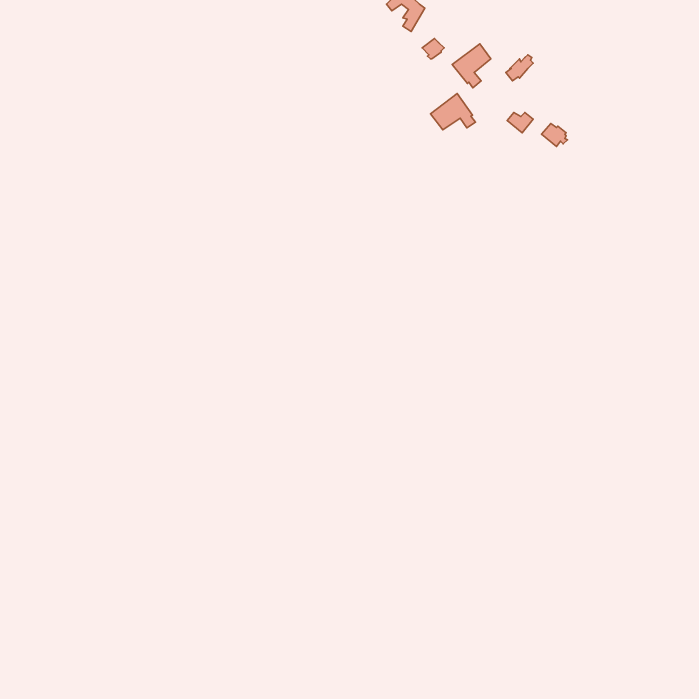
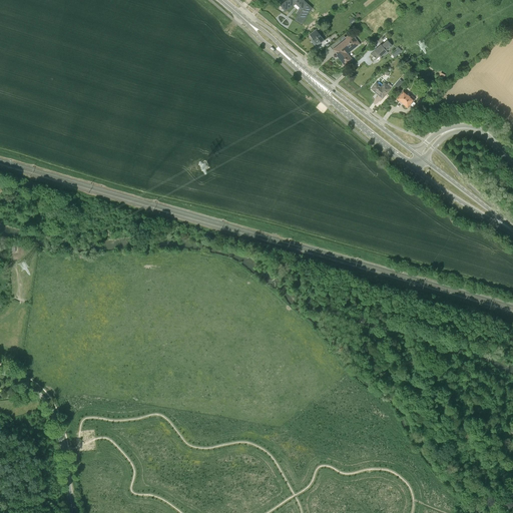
building: [430,94,475,130] -> none

